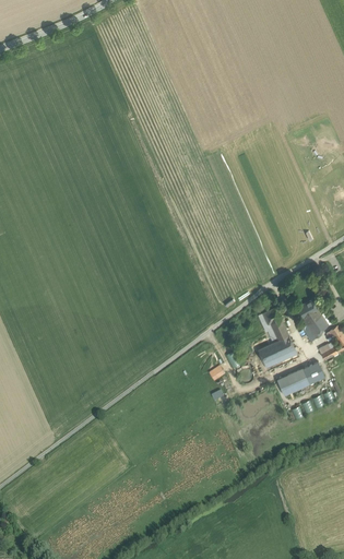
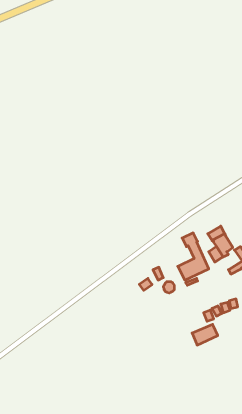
building: [277,369,310,395] -> [192,324,218,345]

